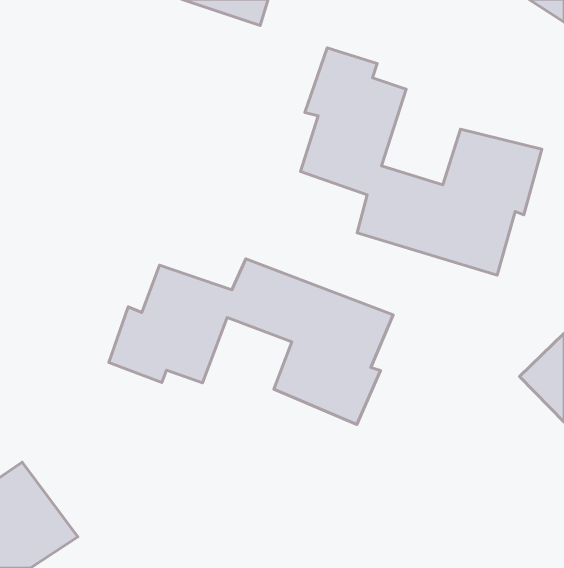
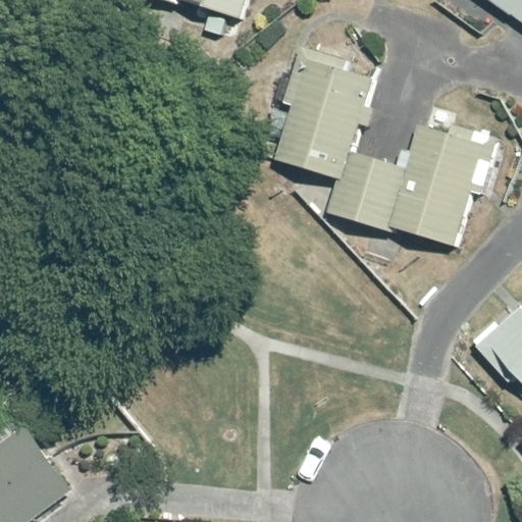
building: [109,259,393,425] -> none

